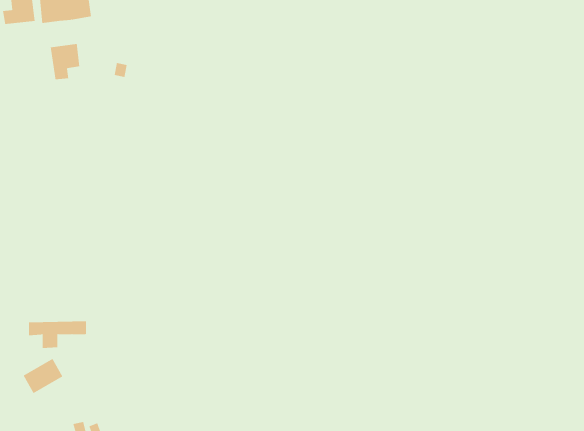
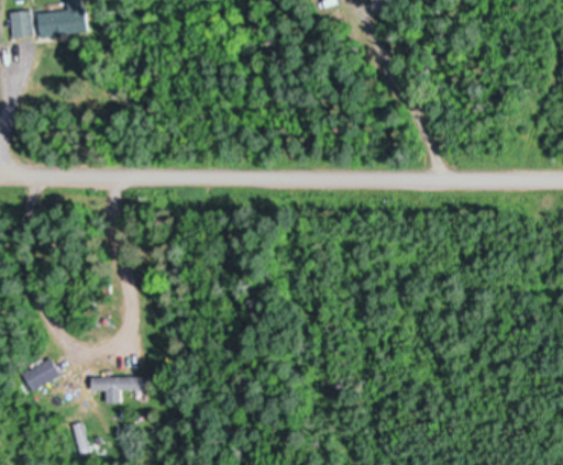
building: [50,43,80,80] -> none
building: [28,321,87,349] -> [90,375,146,401]

